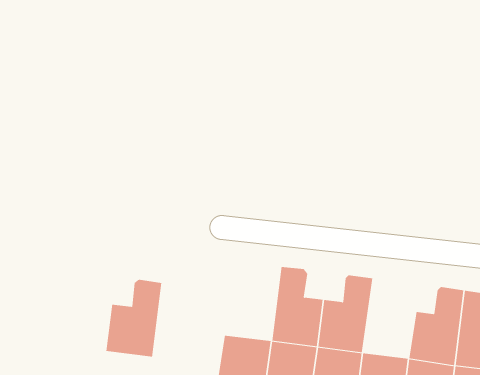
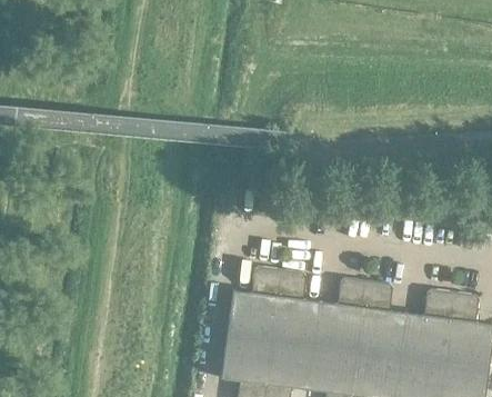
building: none -> [357,281,406,357]
building: [106,279,162,357] -> [227,267,280,340]

